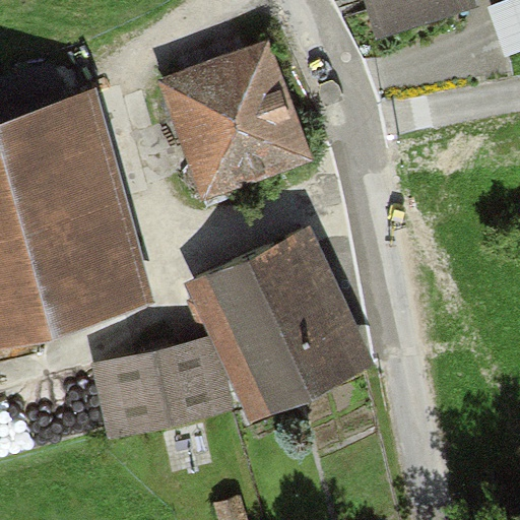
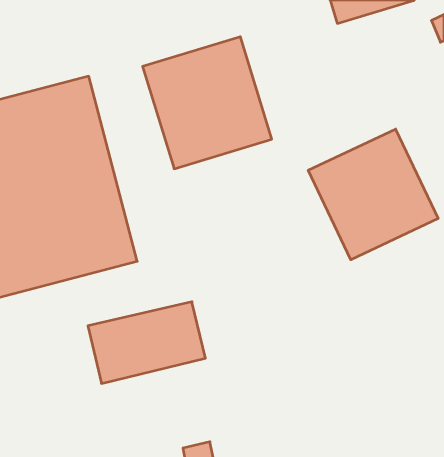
building: none -> [308,129,438,260]
building: [196,231,377,425] -> none

